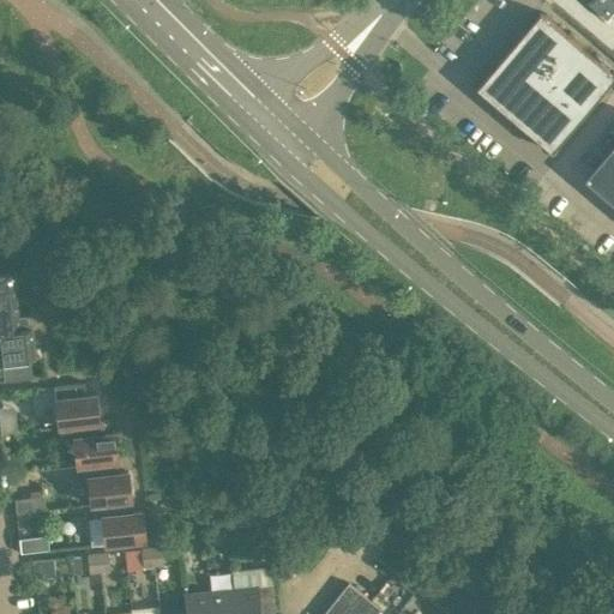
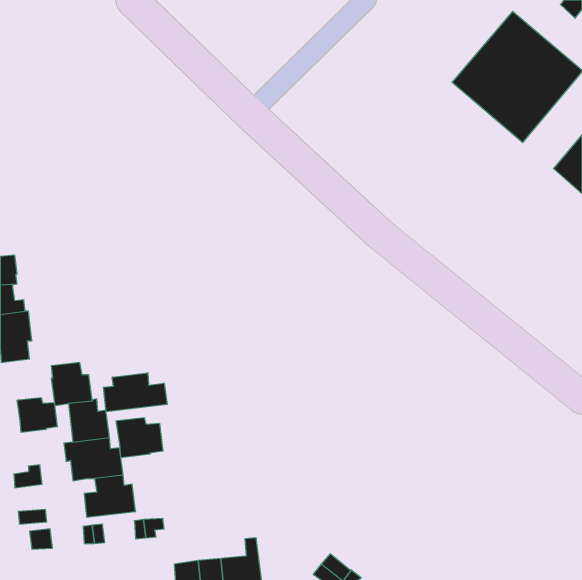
building: none -> [103,373,167,412]
building: none -> [17,398,57,432]
building: none -> [116,418,163,458]

